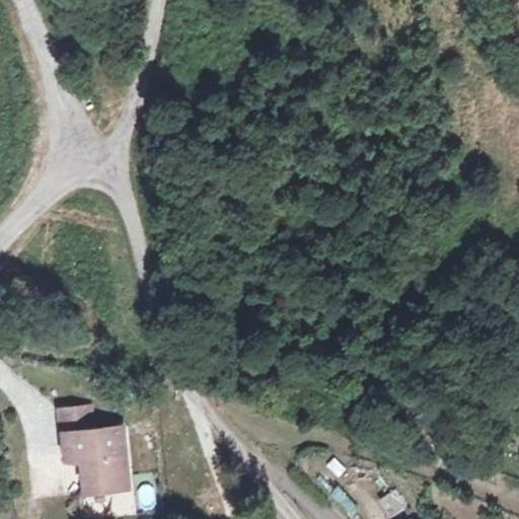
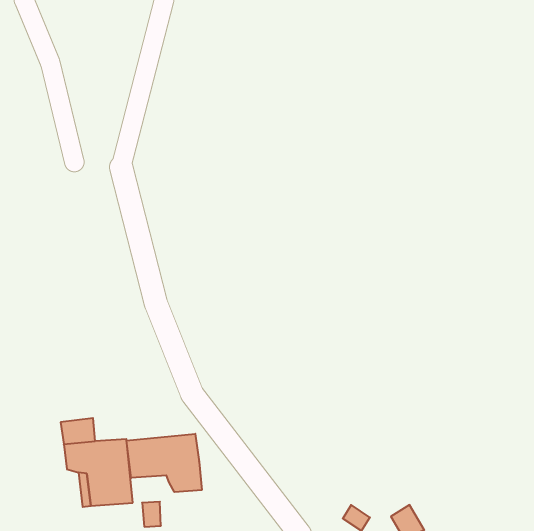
building: none -> [127,434,202,492]

